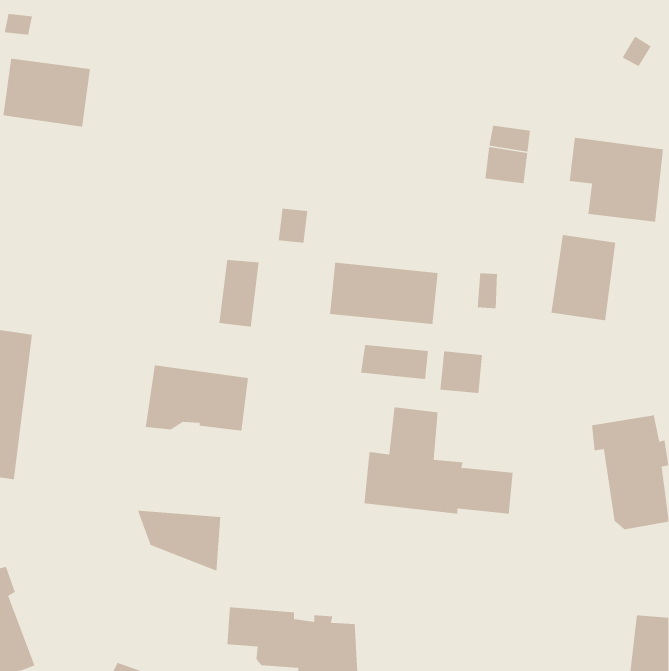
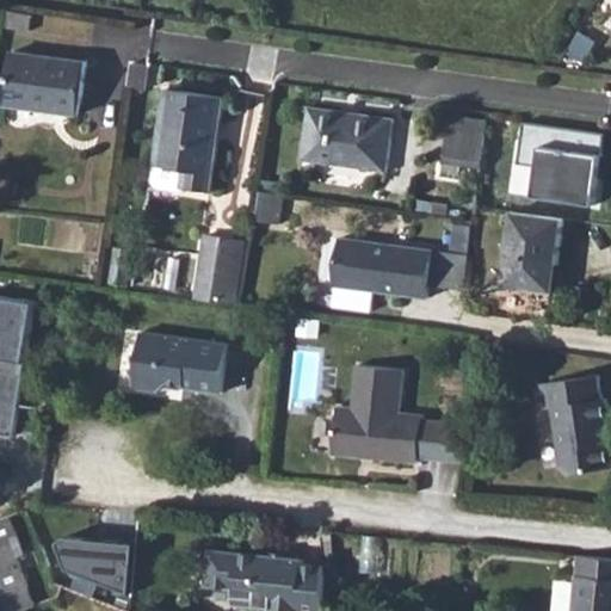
building: none -> [150,88,220,191]
building: none -> [297,105,391,171]
building: [360,344,429,380] -> none
building: [440,351,483,394] -> [394,248,433,288]
building: [137,510,221,572] -> [55,537,131,593]

